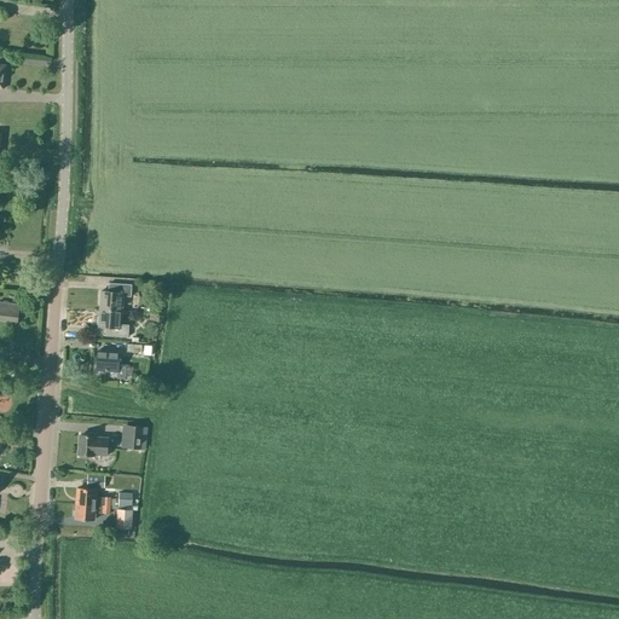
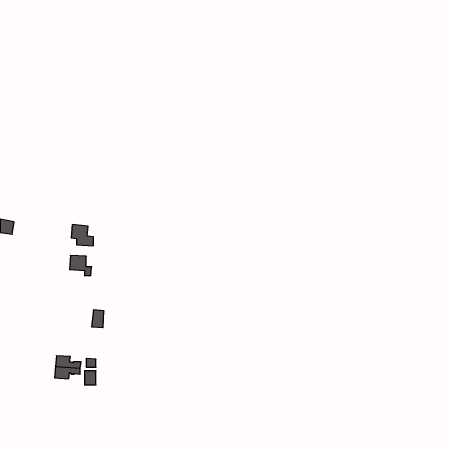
building: [99,283,132,311] -> none
building: [79,435,109,456] -> none

